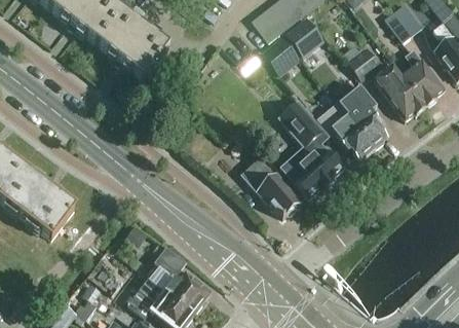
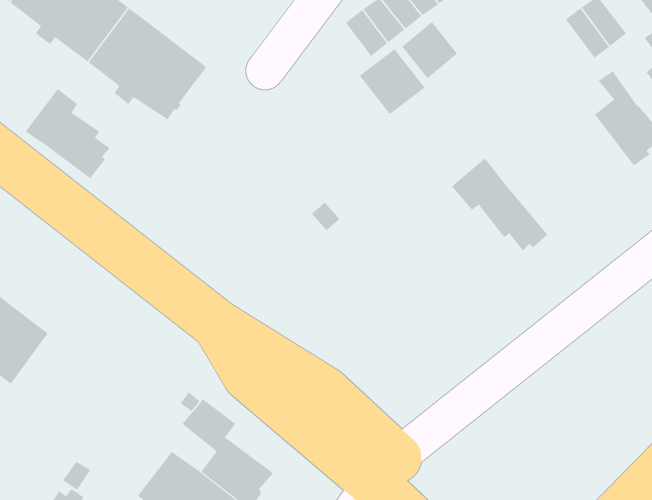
building: [348,46,382,80] -> none
building: none -> [25,88,110,179]
building: [375,63,427,119] -> none
building: [338,84,388,147] -> none
building: [278,100,344,198] -> none
building: [241,156,301,216] -> none

